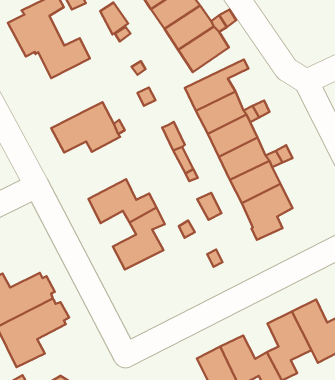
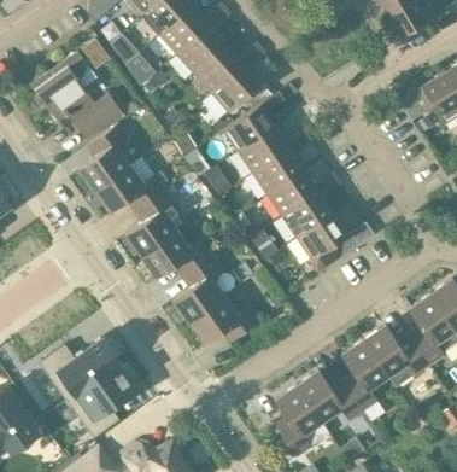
building: none -> [78,124,129,191]
building: none -> [125,190,186,257]
building: none -> [188,298,258,345]

